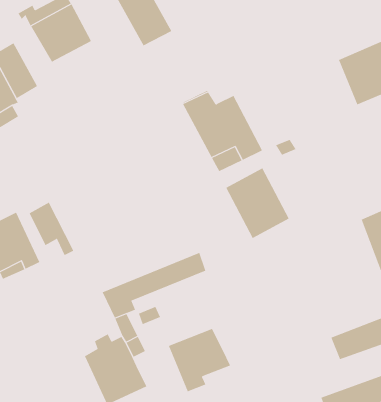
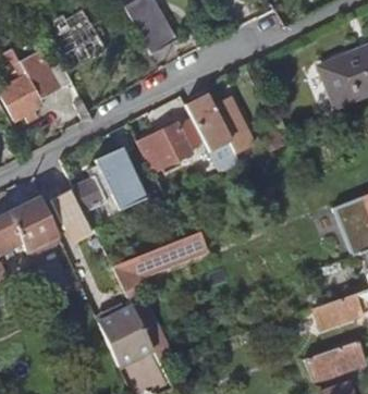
building: none -> [137,123,191,171]
building: none -> [74,151,147,213]
building: [226,167,289,239] -> none
building: [168,328,231,392] -> none

